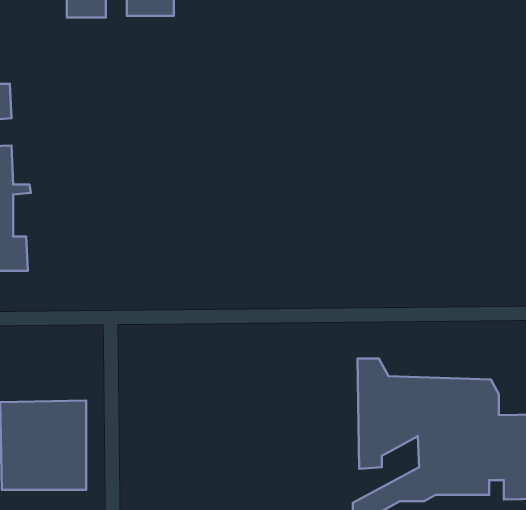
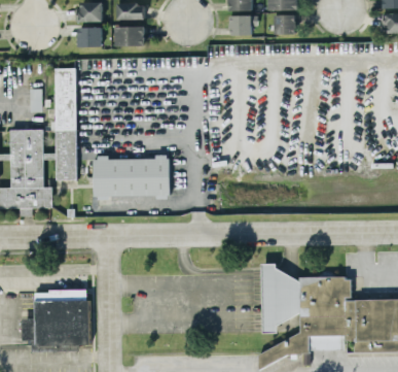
building: none -> [53,68,77,180]
building: none -> [93,157,170,201]

